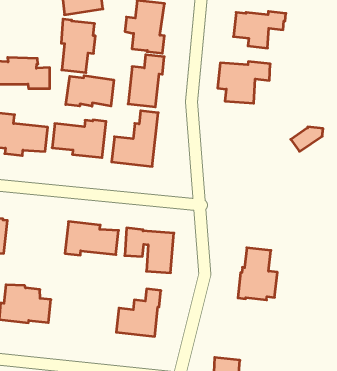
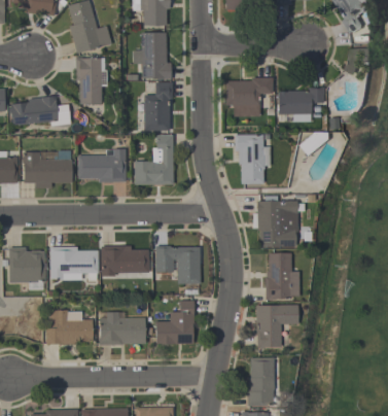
building: [233,11,286,48] -> [278,88,324,122]
building: [66,76,114,106] -> none
building: none -> [235,135,270,183]
building: none -> [256,195,297,246]
building: none -> [49,245,98,280]
building: none -> [99,311,145,344]
building: none -> [255,304,298,347]

